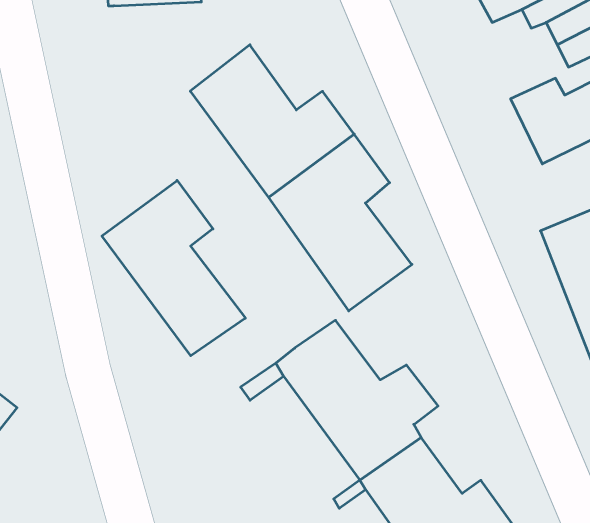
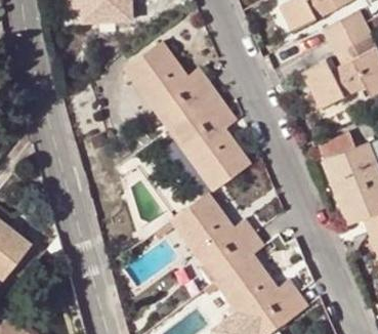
building: [102,180,245,356] -> none

